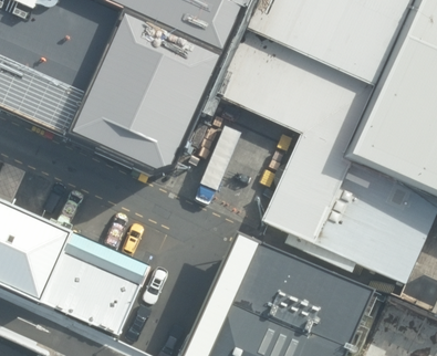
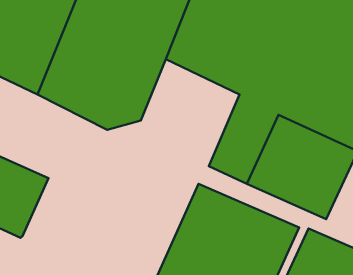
building: [43,232,150,336] -> none

